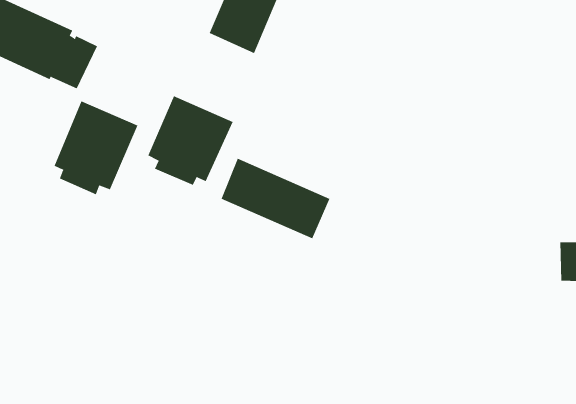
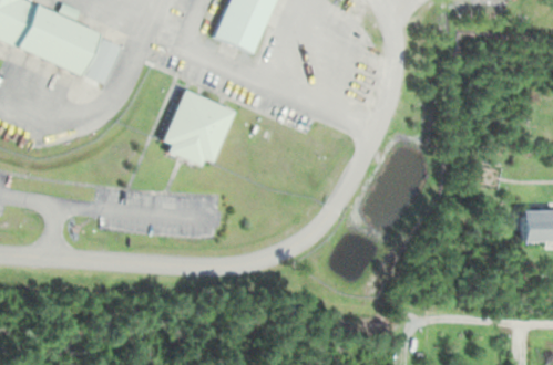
building: [54,100,138,195] -> none
building: [221,158,330,239] -> none

